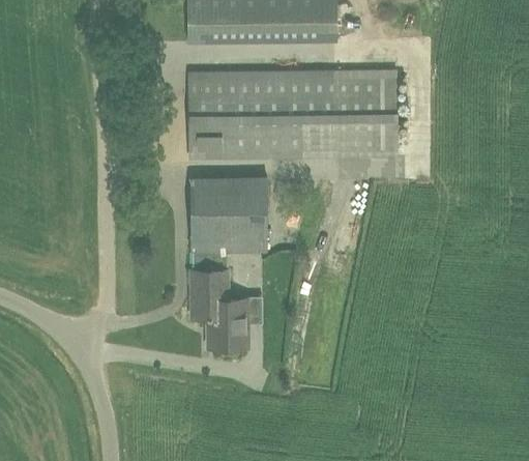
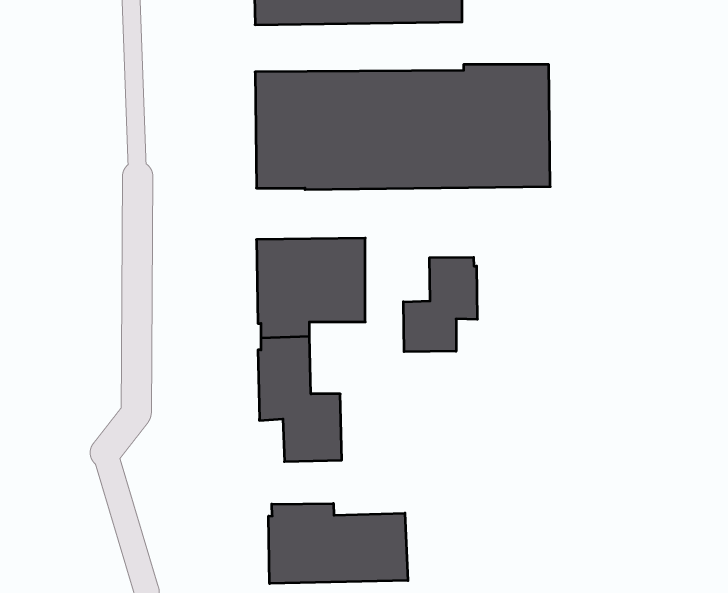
building: none -> [403,257,477,352]
building: none -> [269,503,408,584]

